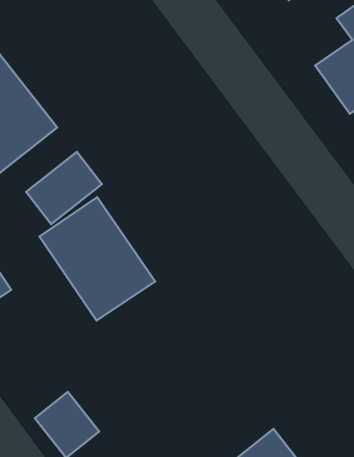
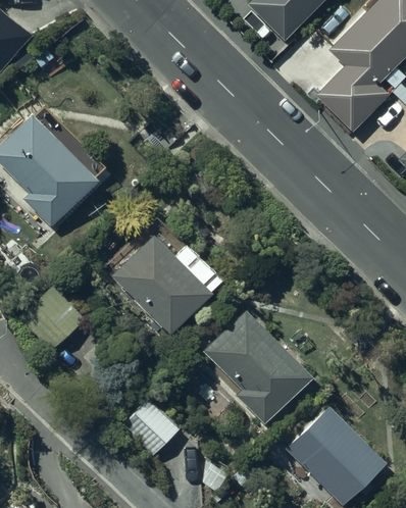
building: [26,152,102,224] -> none
building: none -> [195,309,307,423]

